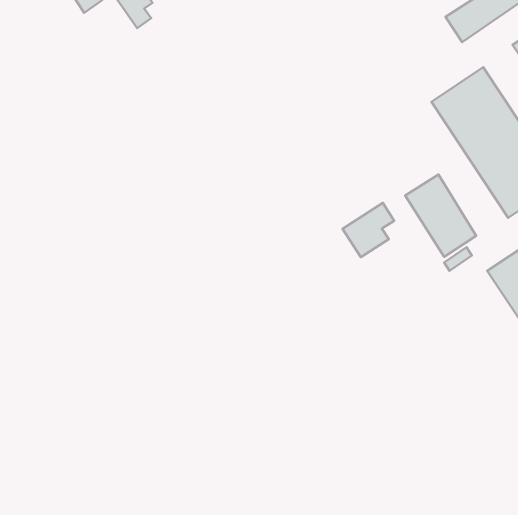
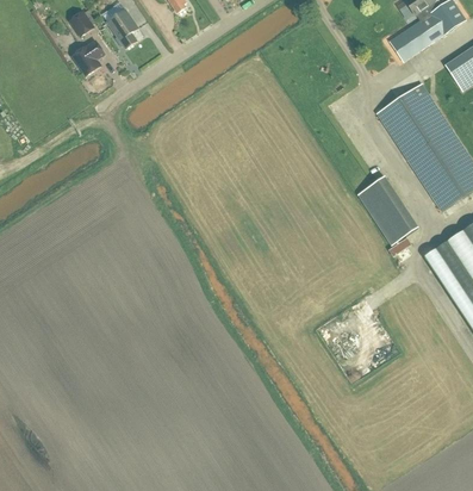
building: none -> [71,39,104,74]
building: [343,203,394,257] -> none

